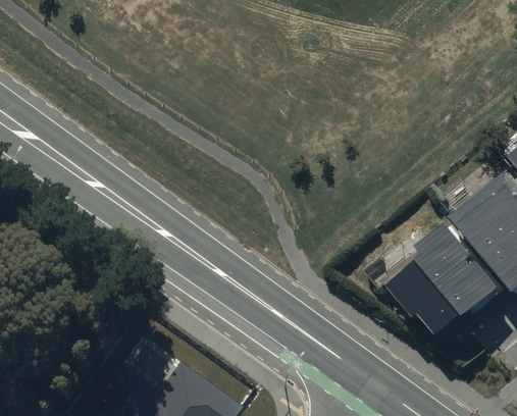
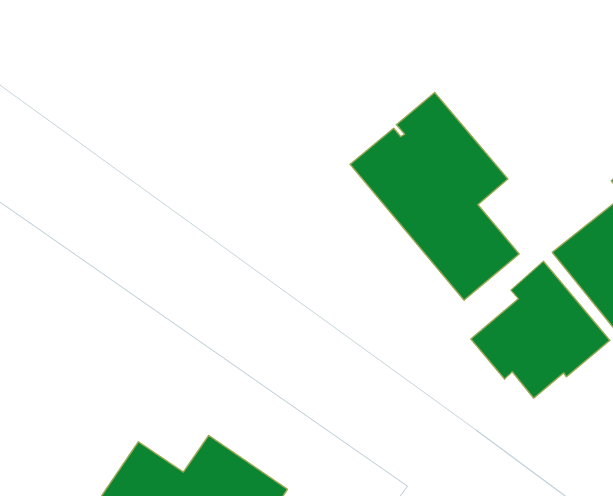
building: none -> [350,92,519,300]

